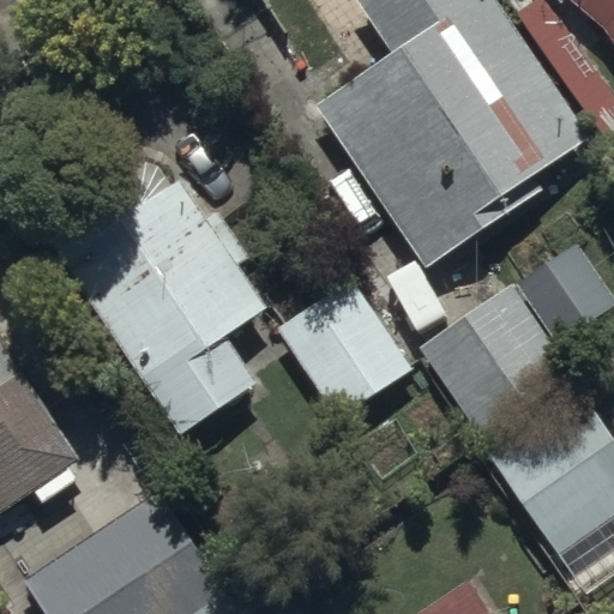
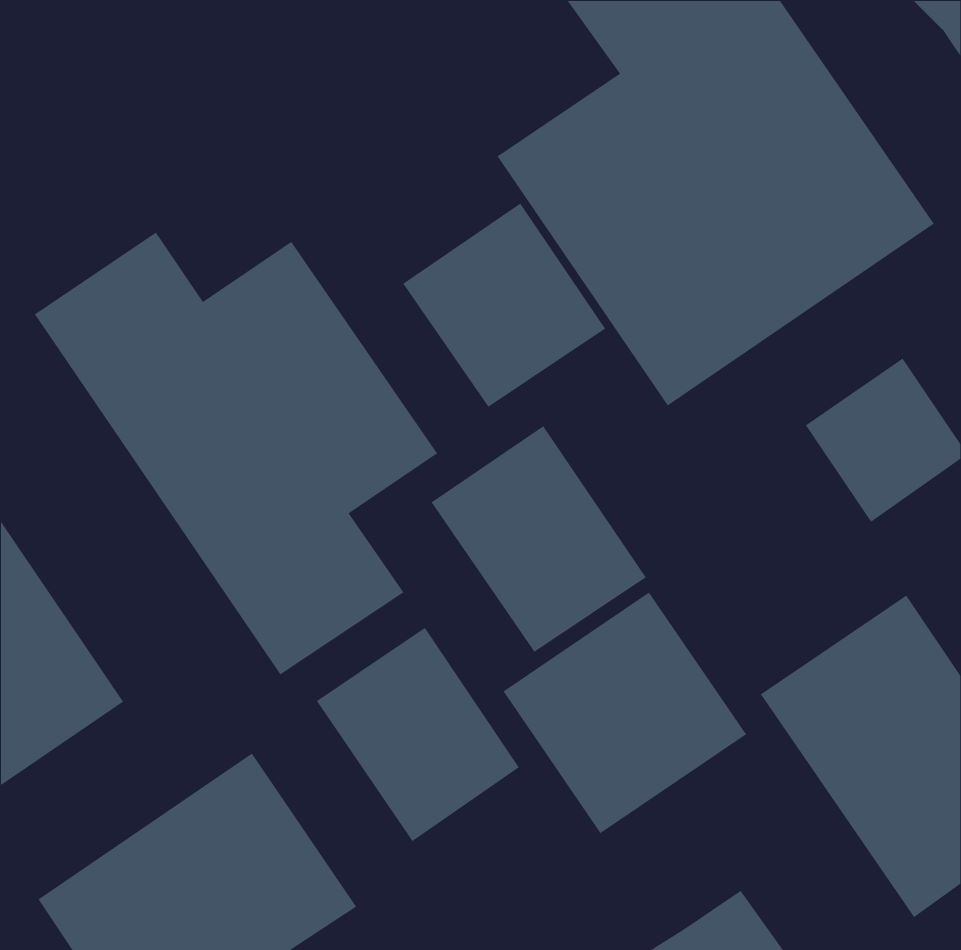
building: none -> [402,203,606,408]
building: [411,284,567,439] -> [503,592,747,834]
building: none -> [316,627,520,842]

